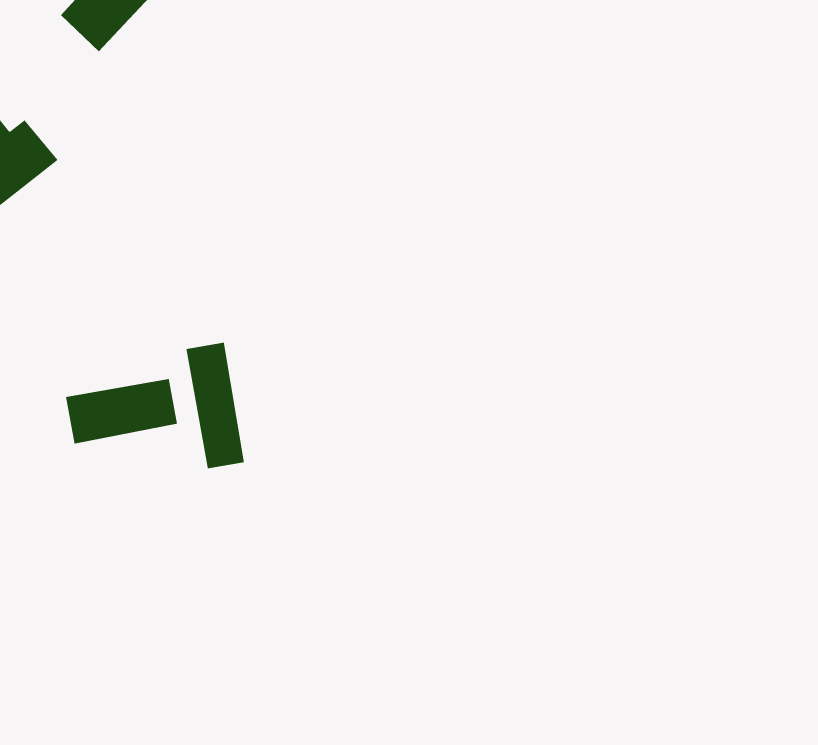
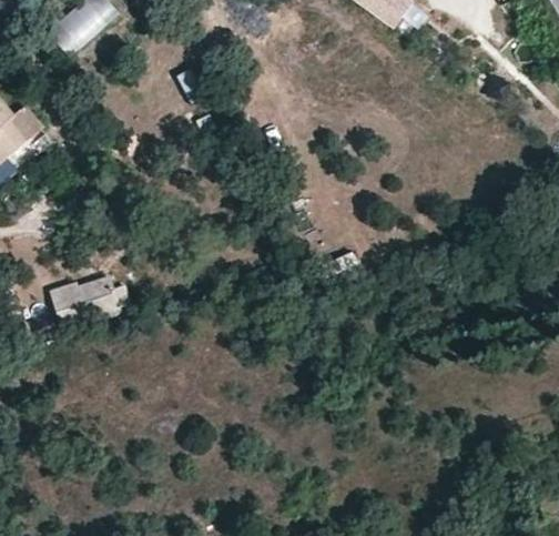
building: [186,342,245,469] -> none

